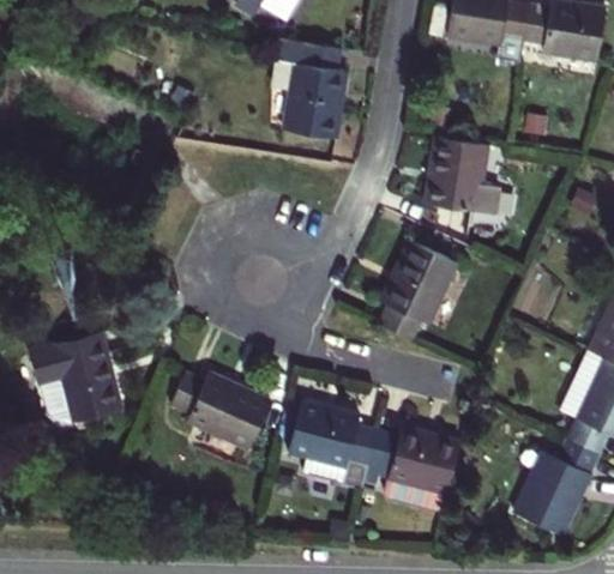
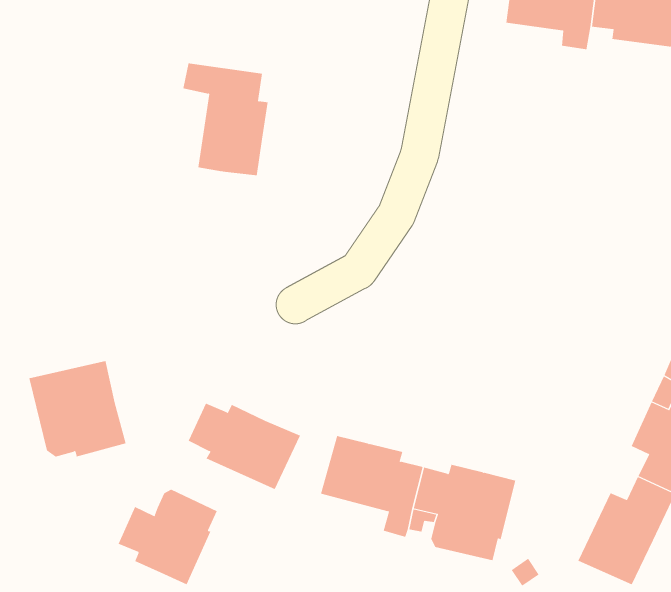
building: [272,37,348,137] -> [183,63,268,176]
building: [426,135,500,215] -> none
building: [379,240,457,339] -> none
building: none -> [118,489,218,585]

